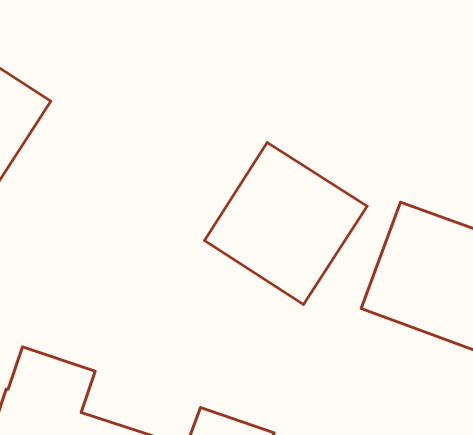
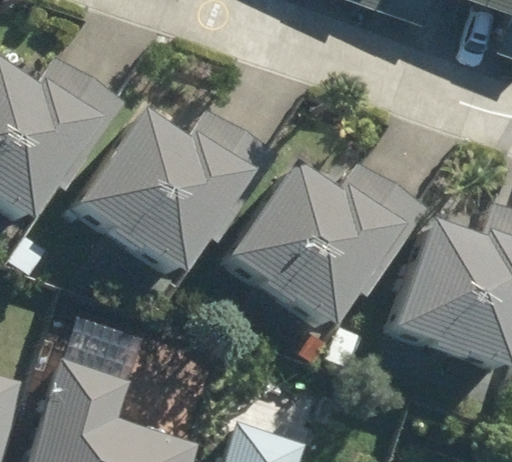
building: none -> [90,105,250,265]

